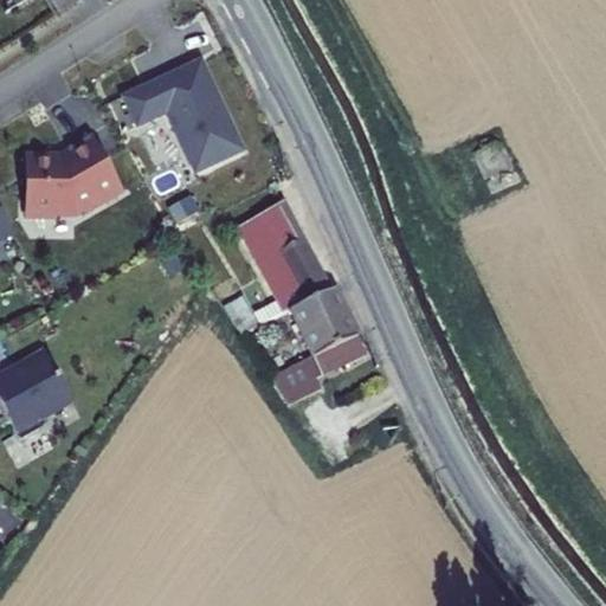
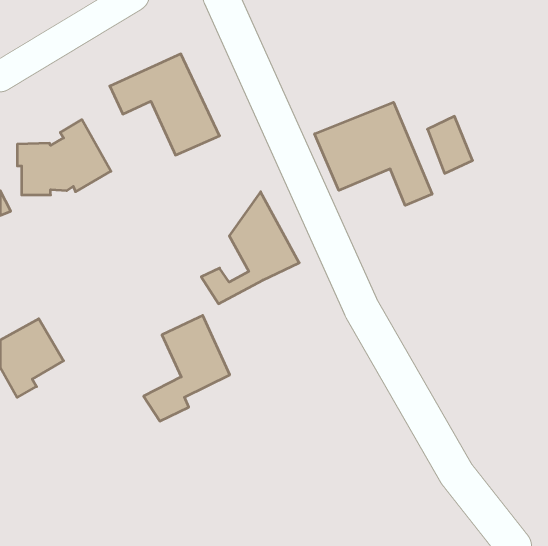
building: none -> [315,102,432,205]
building: [238,201,289,259] -> none
building: [271,286,366,402] -> [144,315,230,421]

